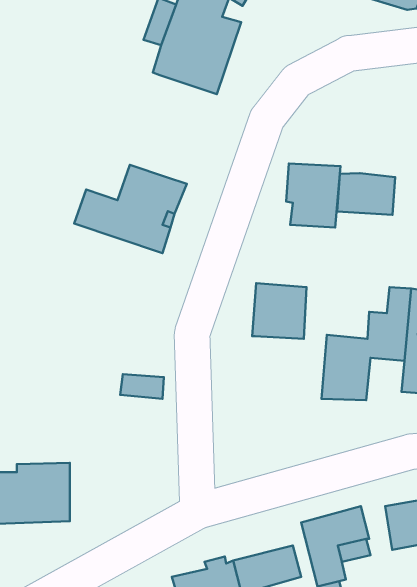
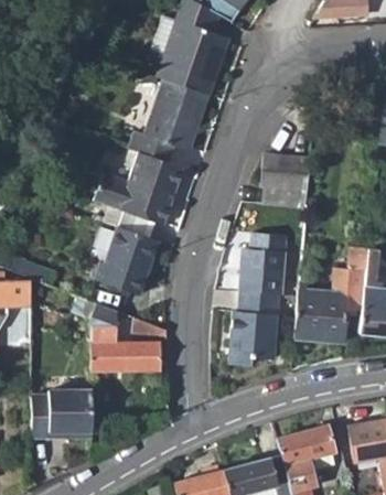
building: none -> [132,76,211,159]
building: [337,173,395,215] -> none
building: none -> [92,223,162,290]
building: none -> [227,288,283,366]
building: none -> [89,301,160,368]

